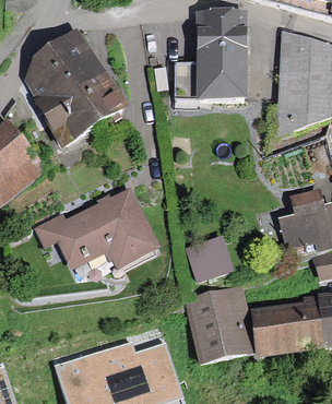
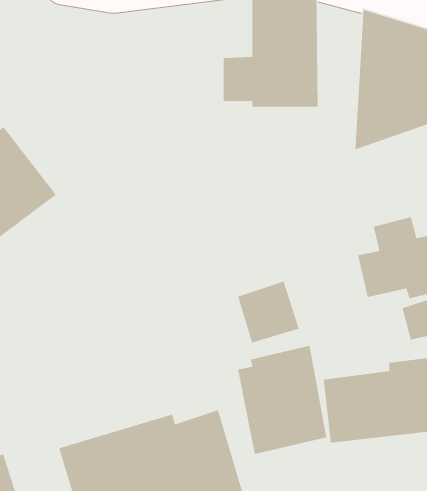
building: [24,24,129,145] -> none
building: [33,186,161,270] -> none

